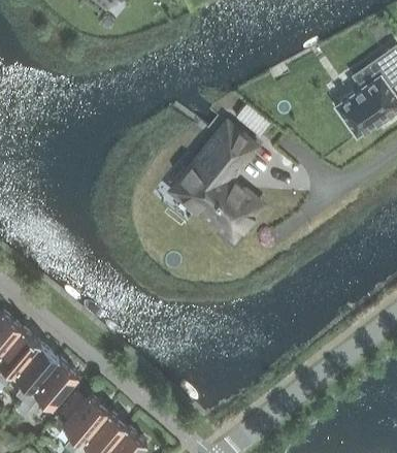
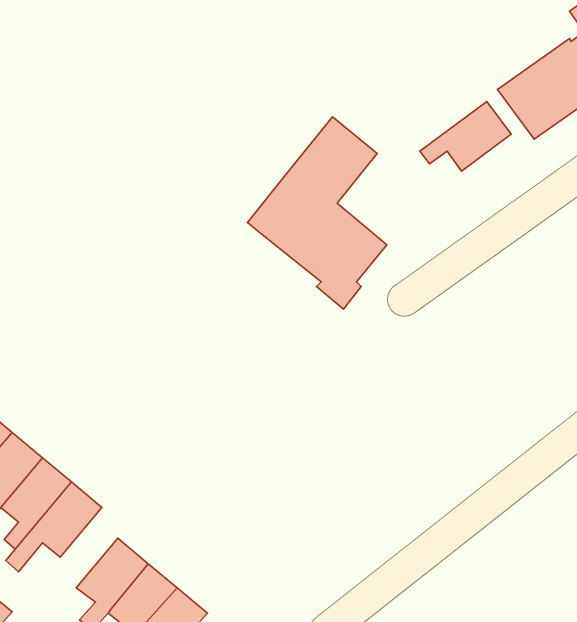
building: none -> [420,102,511,171]

